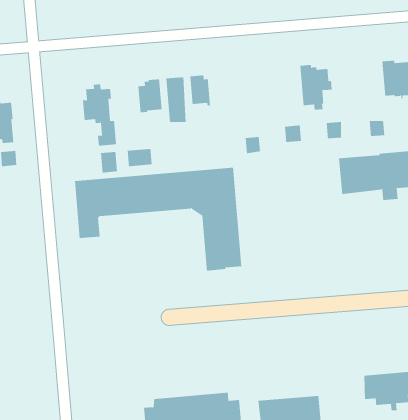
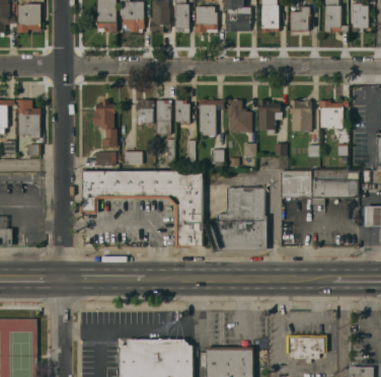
building: none -> [290,99,312,130]
building: none -> [228,98,251,133]
building: none -> [199,98,224,136]
building: none -> [211,187,266,250]

